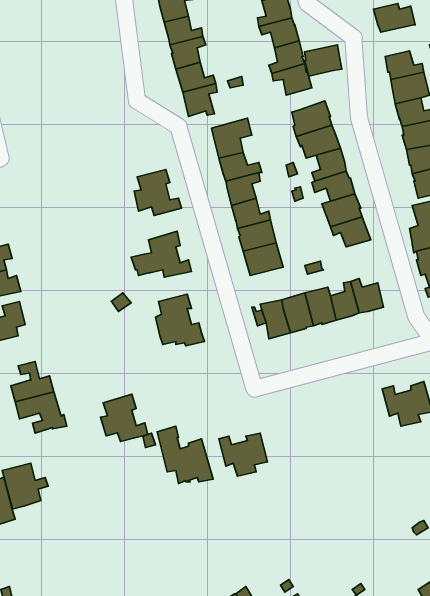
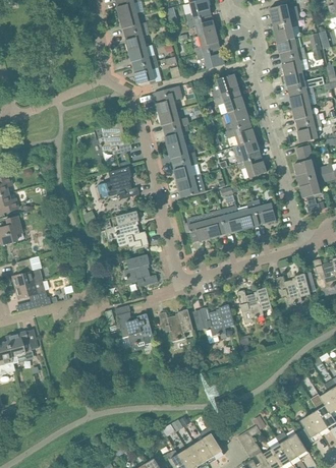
building: [304,45,342,76] -> [274,19,300,42]
building: [100,394,148,442] -> [124,253,158,287]
building: none -> [237,287,272,323]
building: none -> [200,304,234,343]

